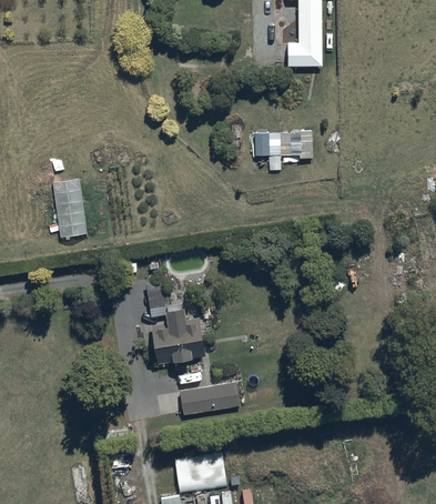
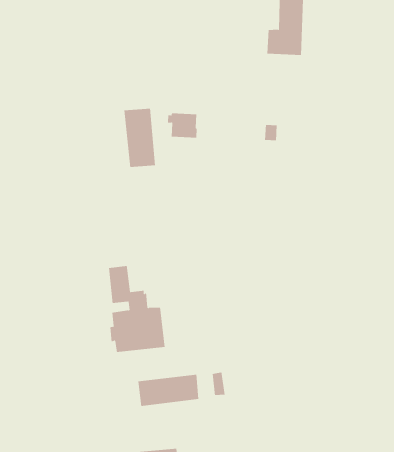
building: [252,132,282,155] -> [167,113,198,138]
building: [53,178,88,236] -> [123,108,156,167]

